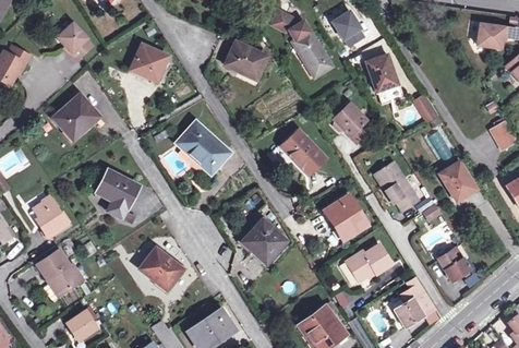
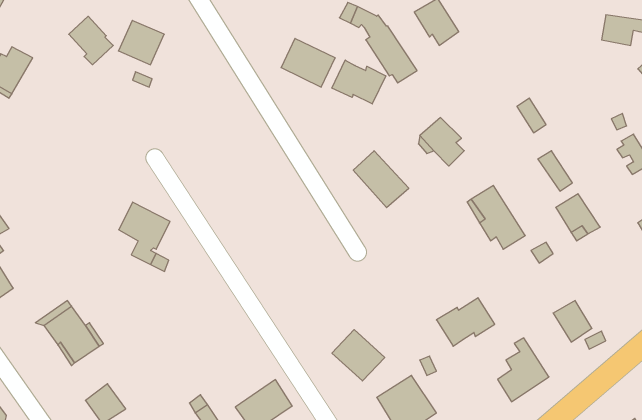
building: [131,43,167,77] -> [118,20,164,65]
building: [366,55,397,92] -> none
building: none -> [332,60,386,104]
building: [53,94,97,137] -> none
building: [177,121,228,172] -> none
building: [325,195,366,240] -> none
building: [33,199,69,239] -> none
building: [243,218,285,259] -> [332,330,385,381]
building: [140,248,183,290] -> none

